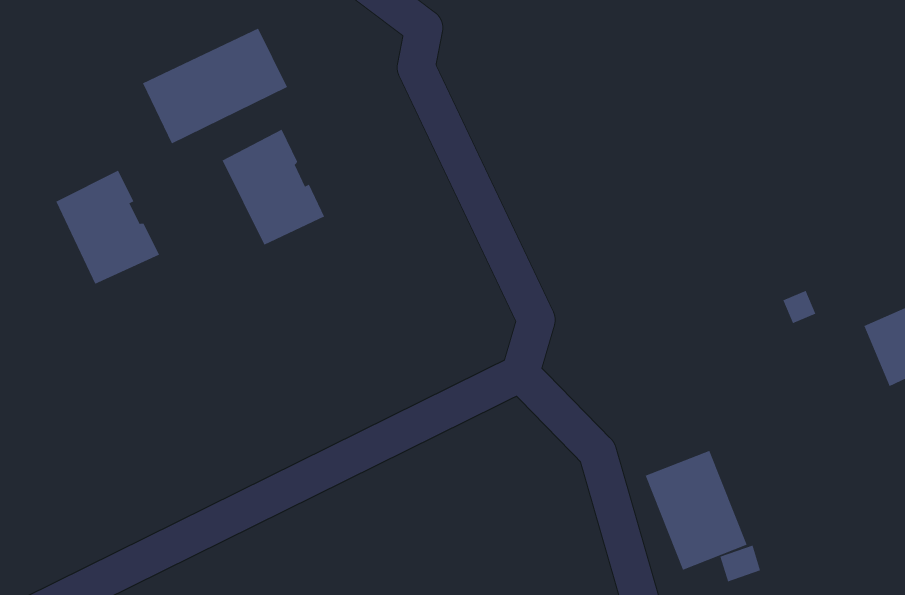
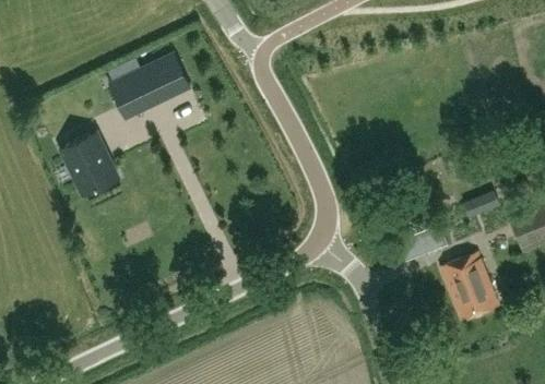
building: [222,129,325,246] -> none
building: [645,450,747,570] -> [442,253,499,320]

